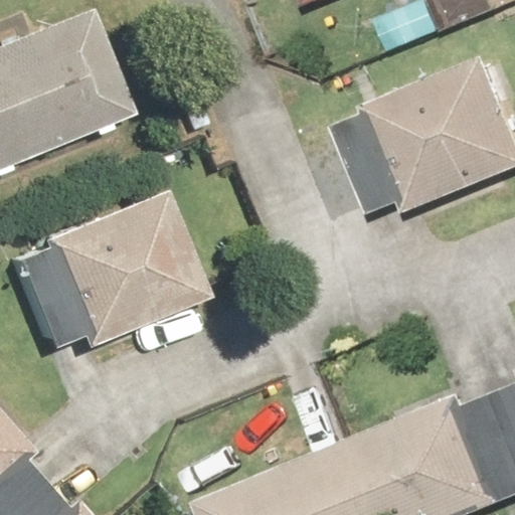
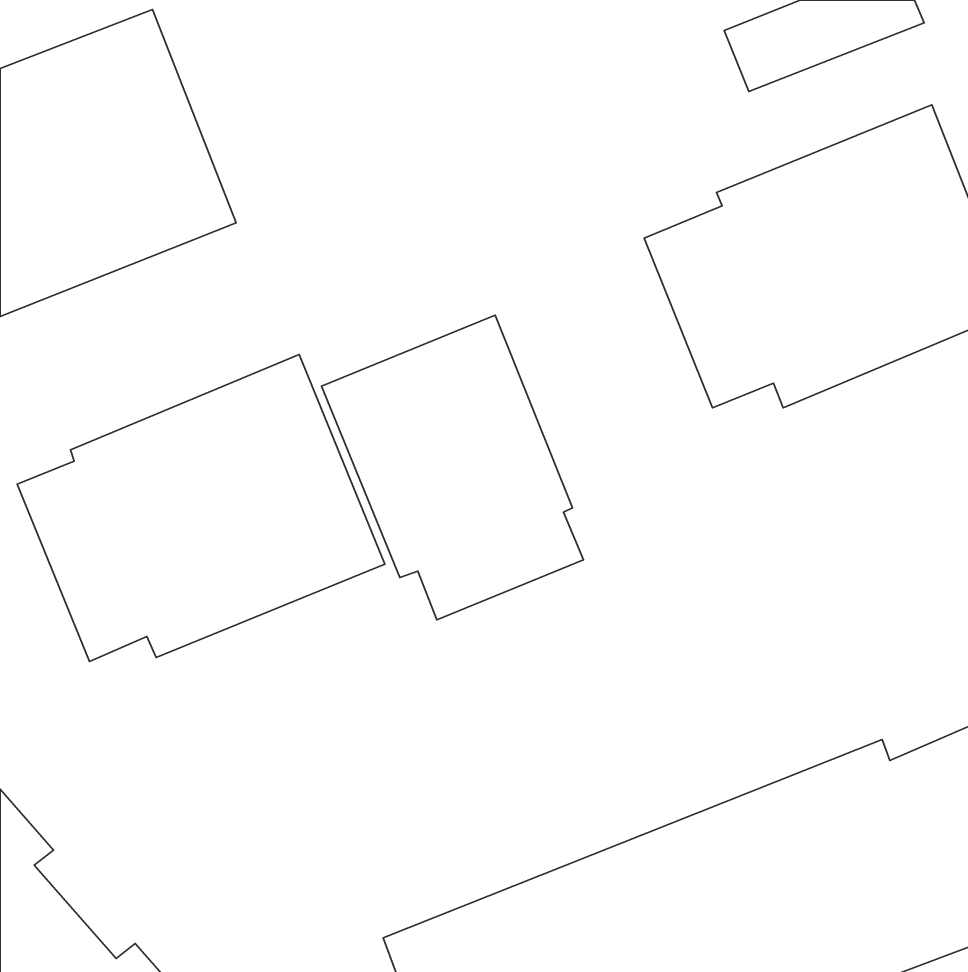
building: none -> [322,315,583,620]

